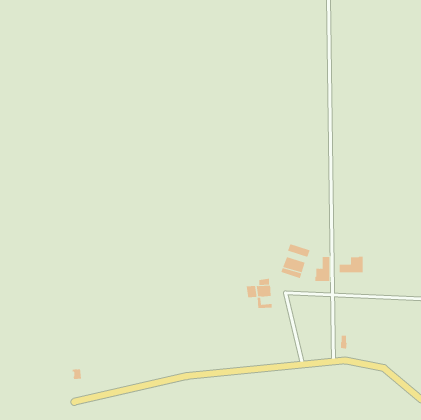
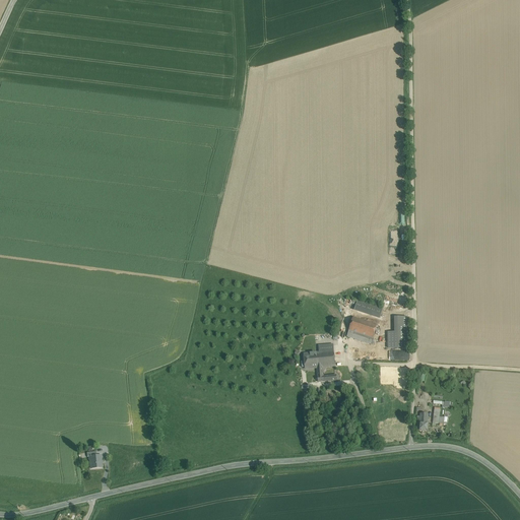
building: [339,256,363,273] -> none

